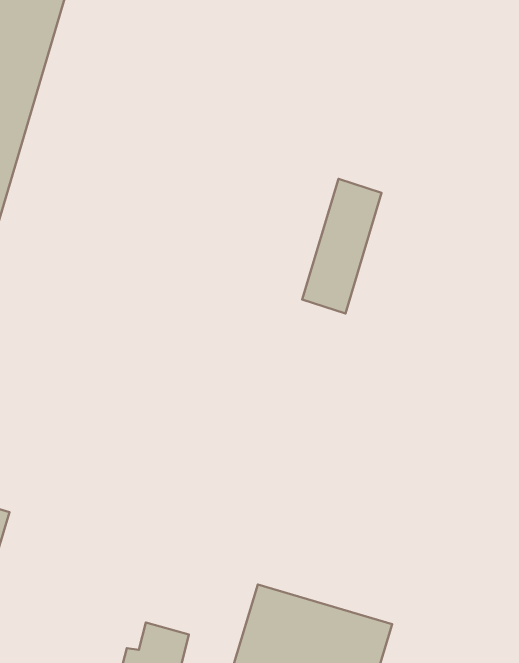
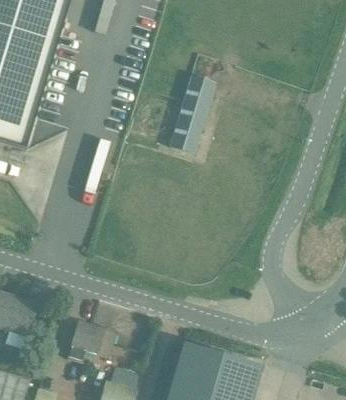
building: [302,179,382,313] -> [169,76,215,154]
building: none -> [67,321,113,362]

